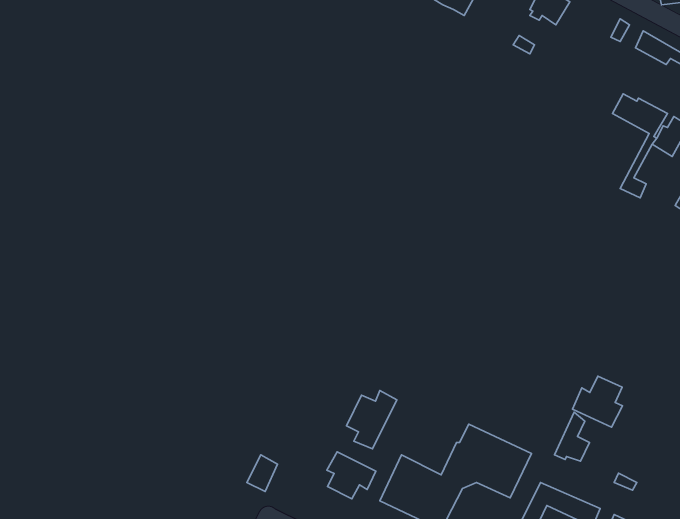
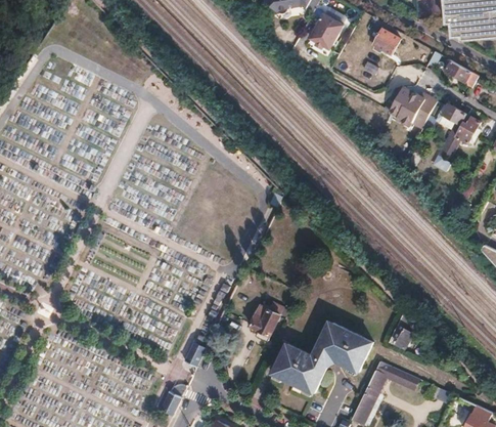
building: none -> [384,87,437,128]
building: [573,376,623,427] -> none
building: [327,452,376,499] -> none

